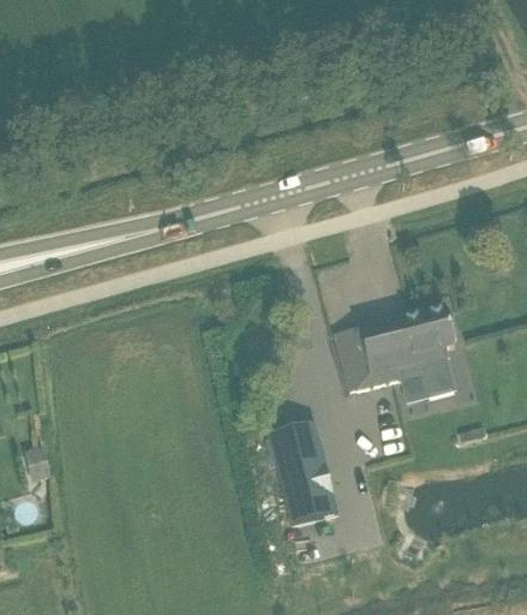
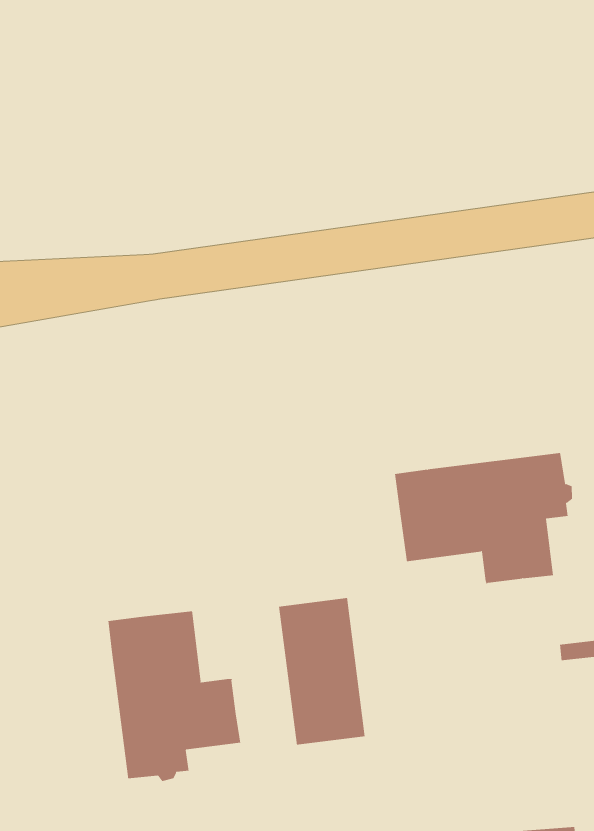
building: none -> [108,610,241,782]

